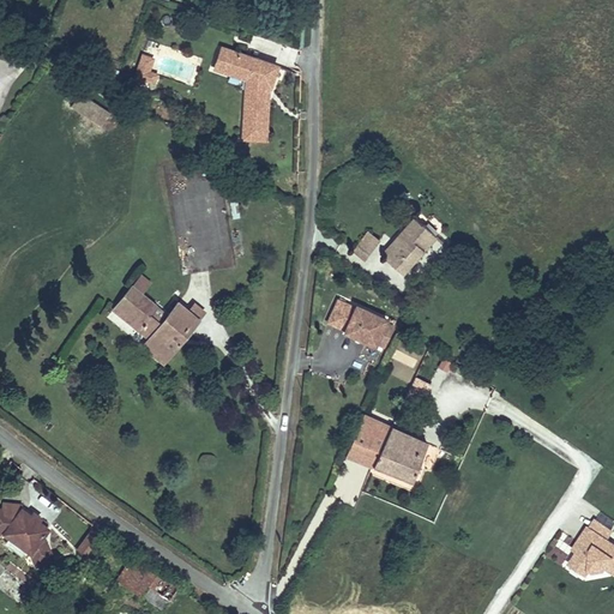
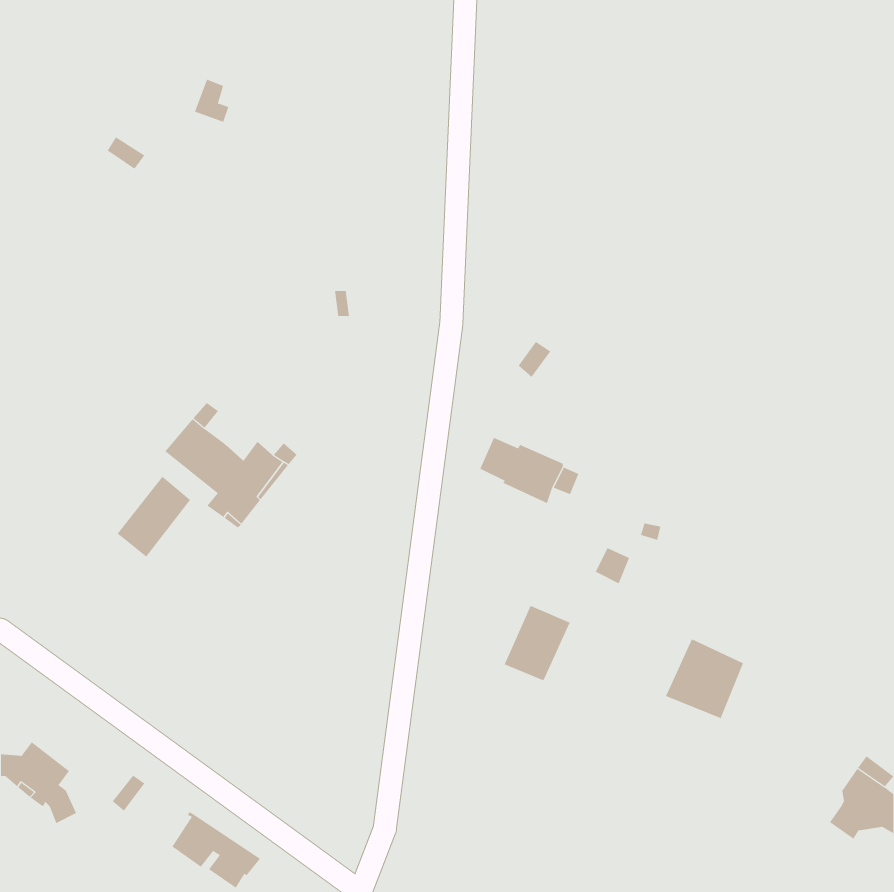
building: [224,52,278,143] -> none
building: [384,219,438,276] -> none
building: none -> [117,476,190,557]
building: [373,428,427,483] -> [665,639,744,719]

